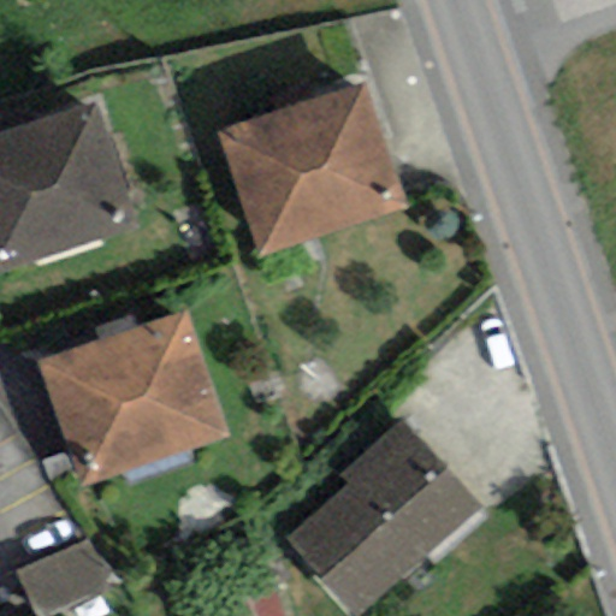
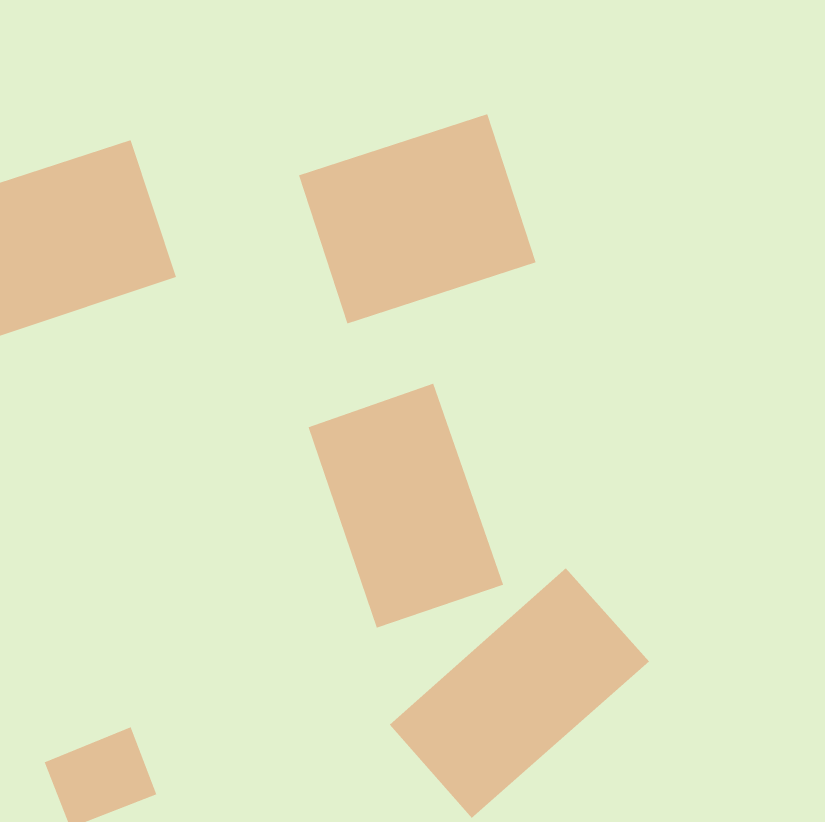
building: none -> [308,383,504,628]
building: [41,315,223,479] -> none

